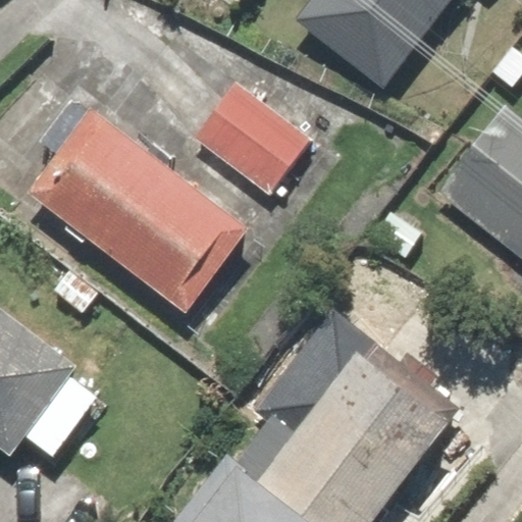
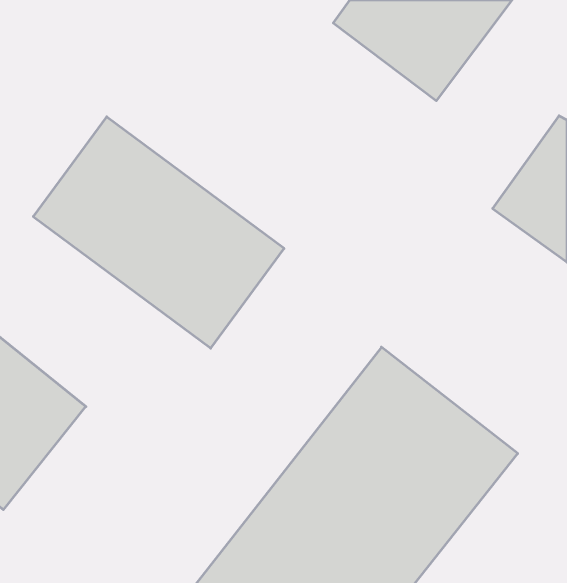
building: [181,79,316,206] -> none

